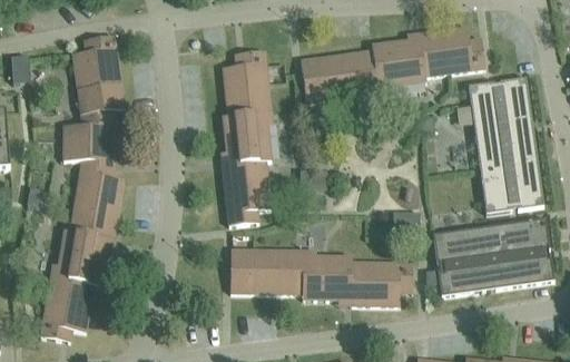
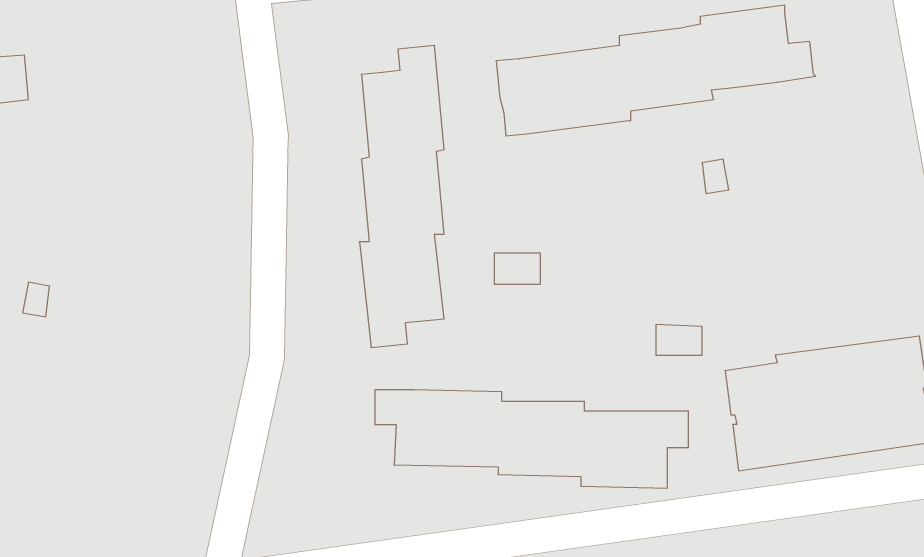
building: [40,36,124,340] -> none
building: [468,77,543,213] -> none

